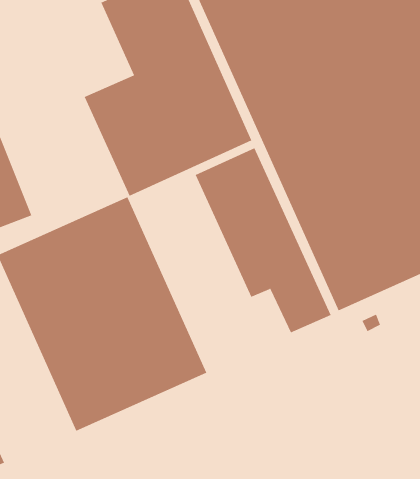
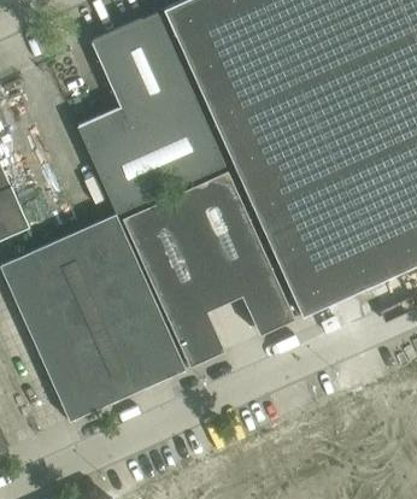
building: none -> [122,195,225,368]

